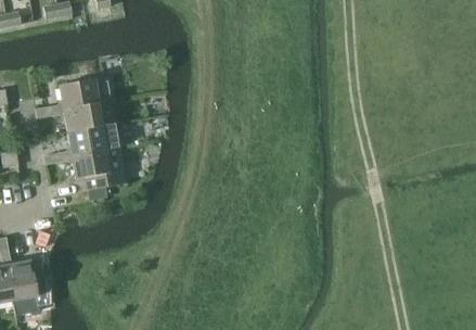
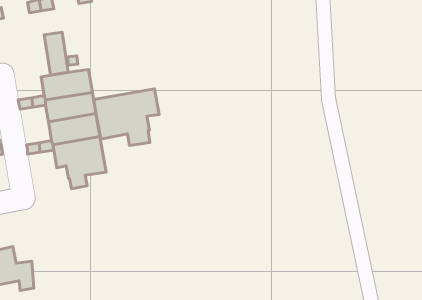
building: none -> [44,32,68,75]
building: none -> [94,89,159,146]

